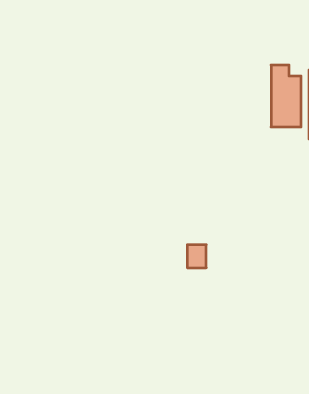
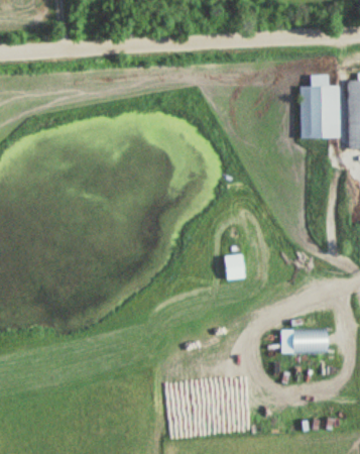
building: none -> [290,329,327,353]

